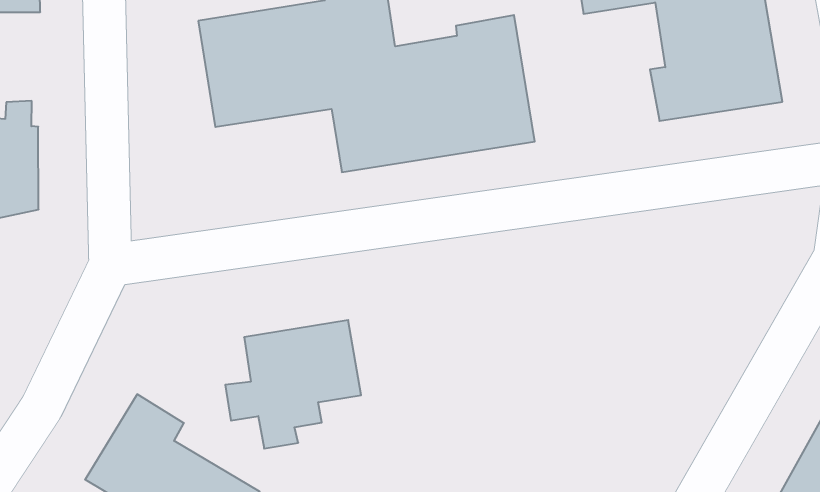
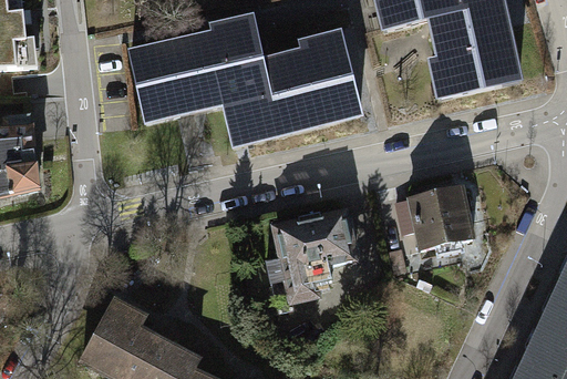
building: none -> [395,187,472,247]
building: [225,320,361,449] -> [266,211,355,299]

